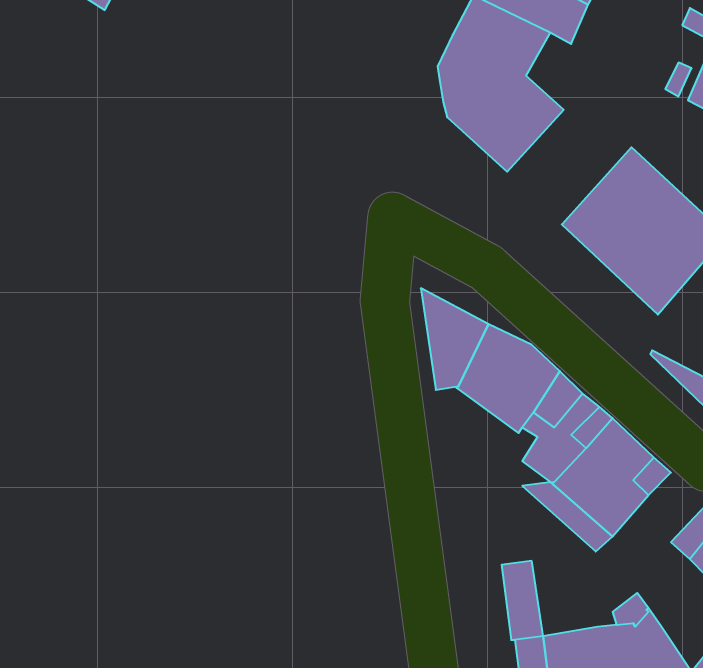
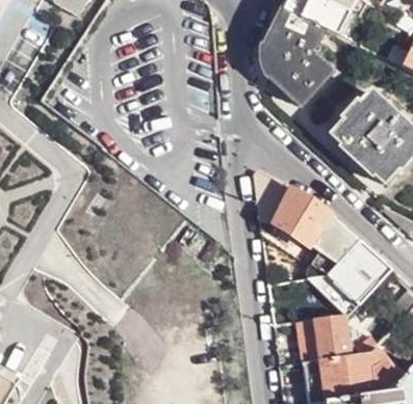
building: none -> [314,315,351,360]

